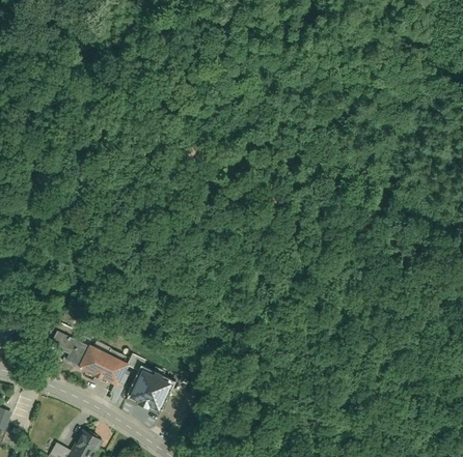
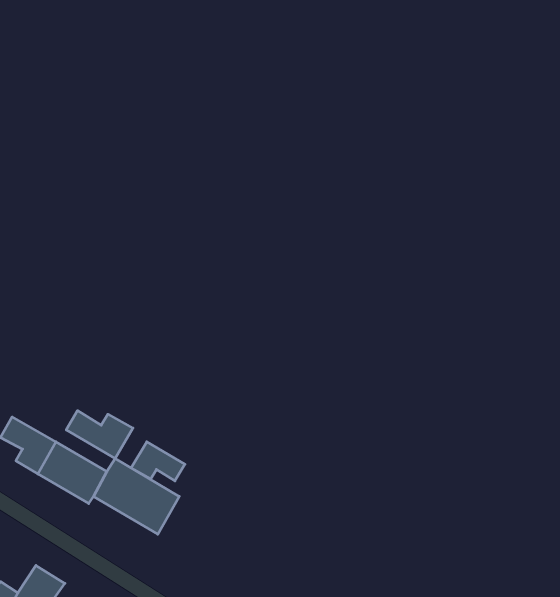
building: none -> [66,411,133,458]
building: none -> [131,442,185,481]

